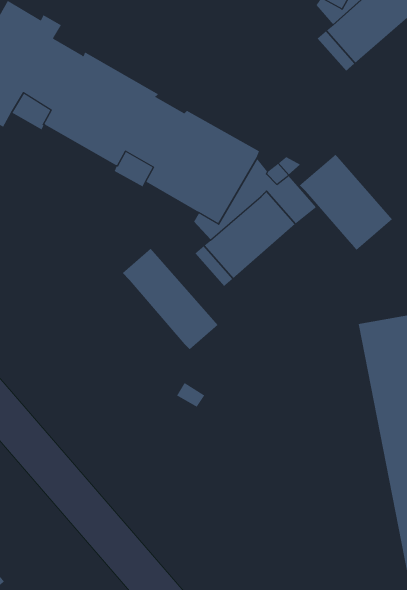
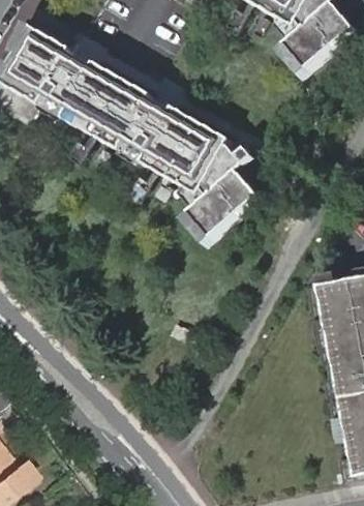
building: [299,154,393,251] -> none
building: [122,248,219,350] -> none

